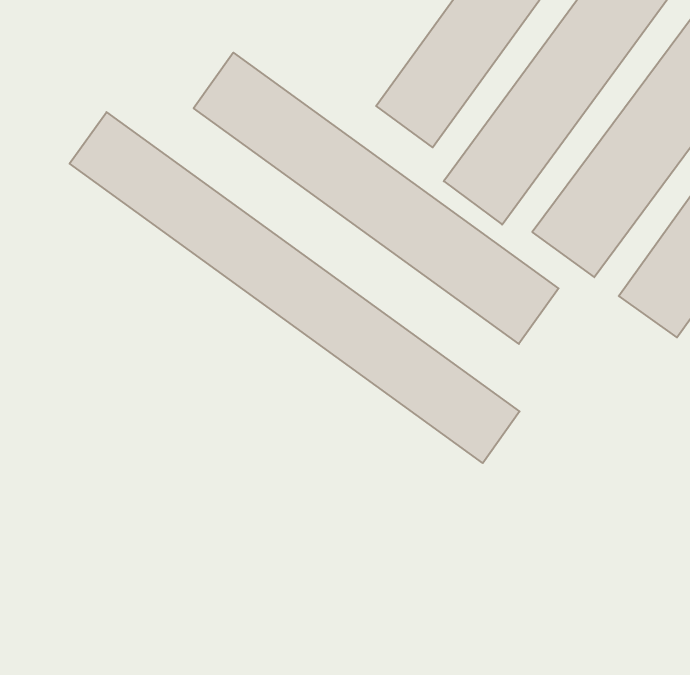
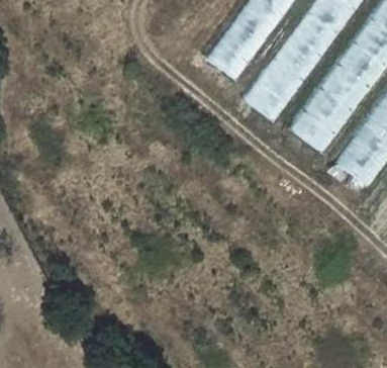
building: [194,53,559,344] -> none
building: [70,112,520,463] -> none

